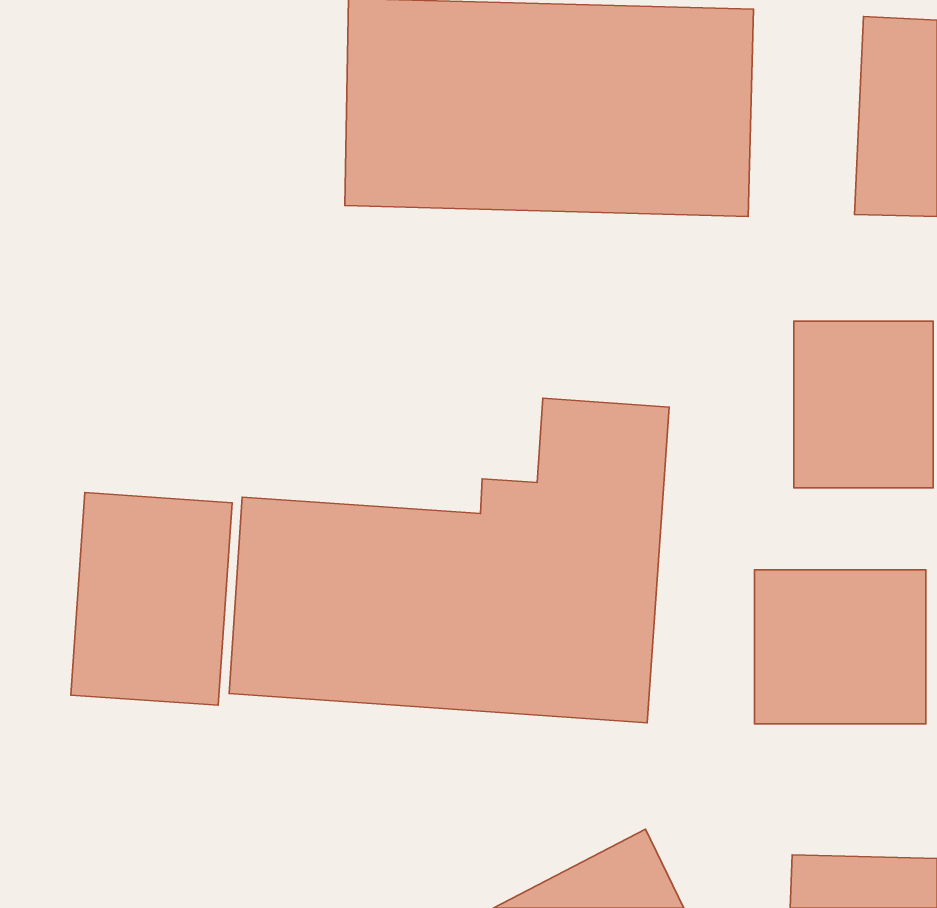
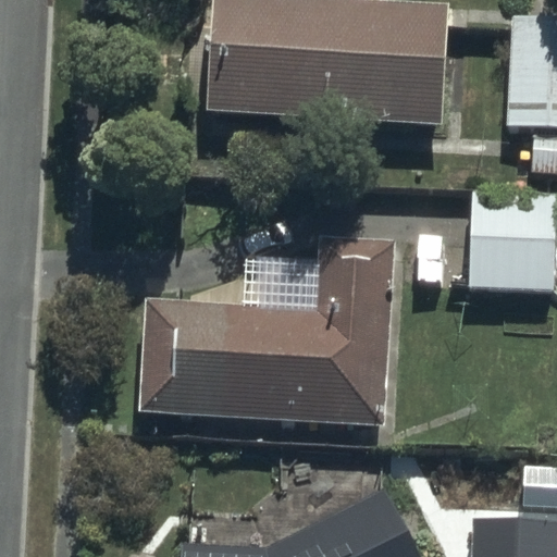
building: [71,493,232,705] -> none
building: [755,570,926,724] -> none

